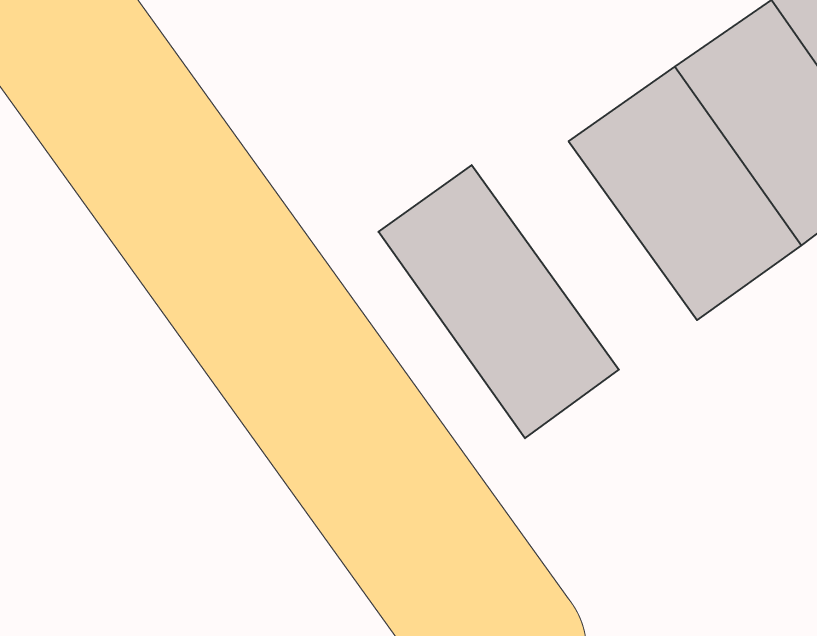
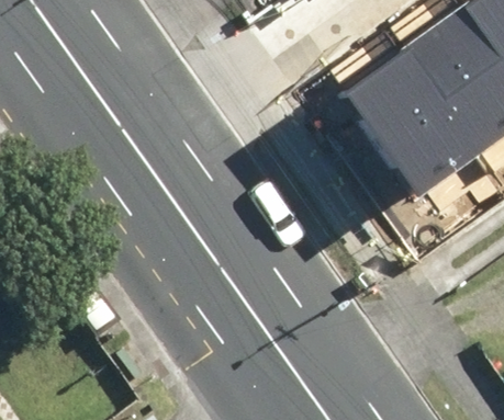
building: [378,165,619,438] -> none

